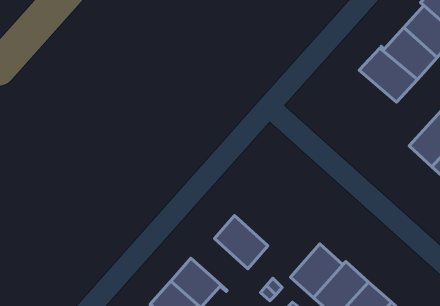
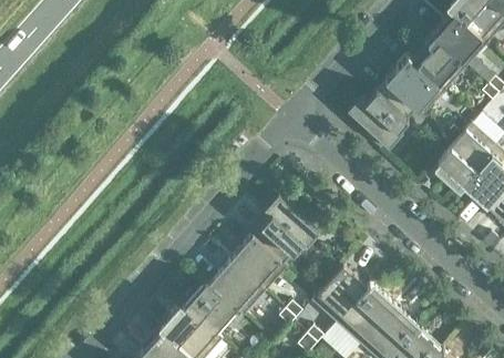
building: none -> [352,81,423,151]
building: none -> [250,201,320,268]
building: none -> [204,260,265,316]

